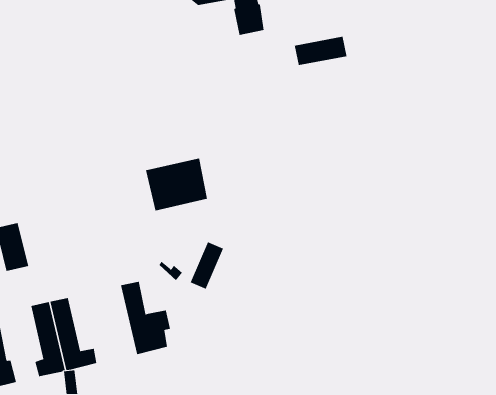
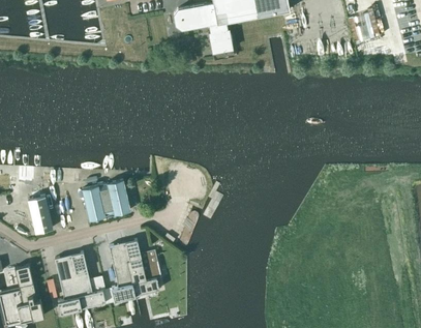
building: [294,36,347,66] -> none
building: [145,158,208,211] -> [82,181,129,221]
building: none -> [109,244,134,301]

